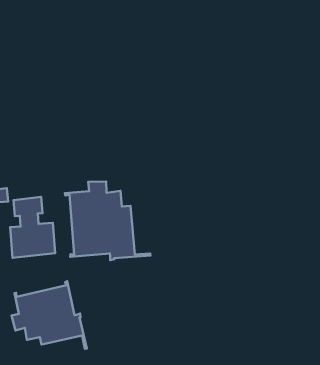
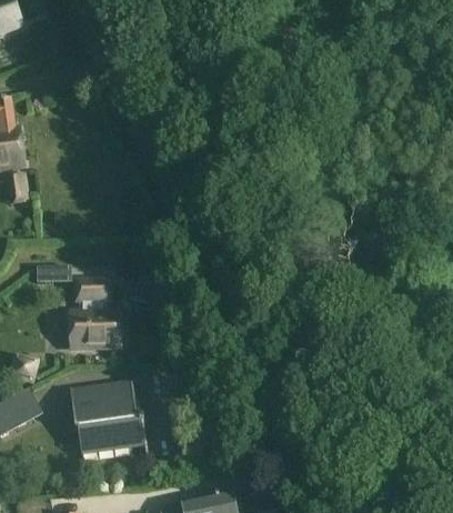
building: [65,181,151,260] -> none

